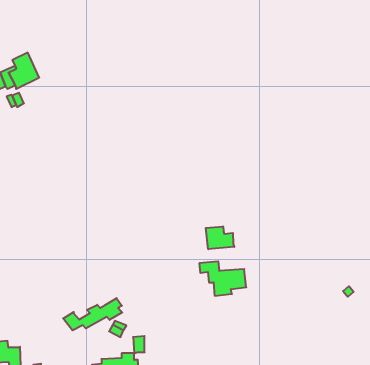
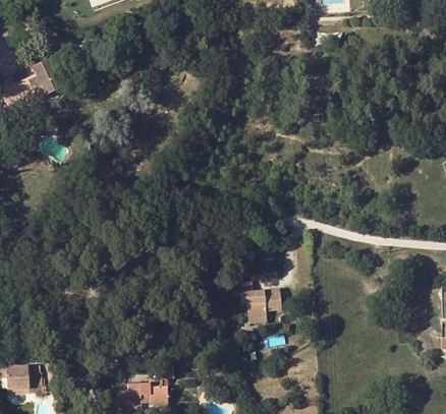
building: [206,226,234,249] -> none
building: [63,298,122,330] -> none

